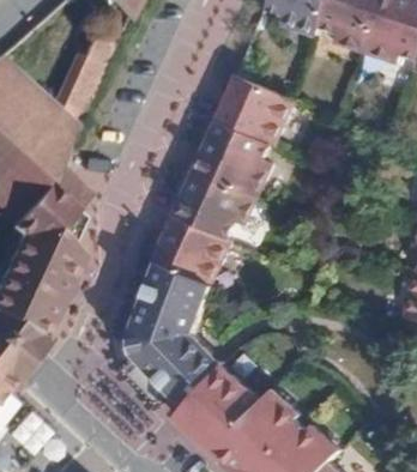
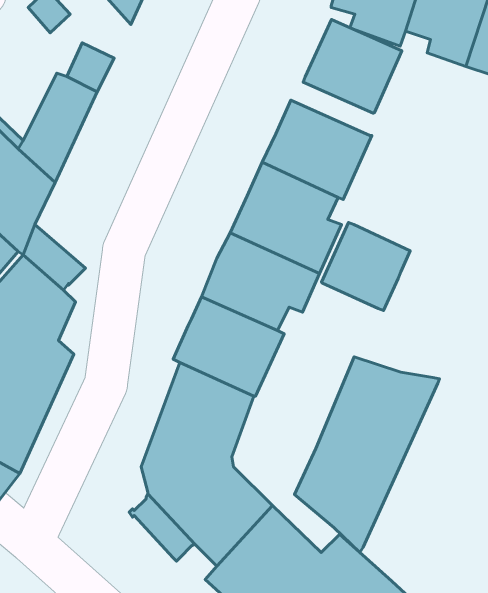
building: none -> [303,20,402,113]
building: none -> [322,222,410,311]
building: none -> [294,357,440,552]

